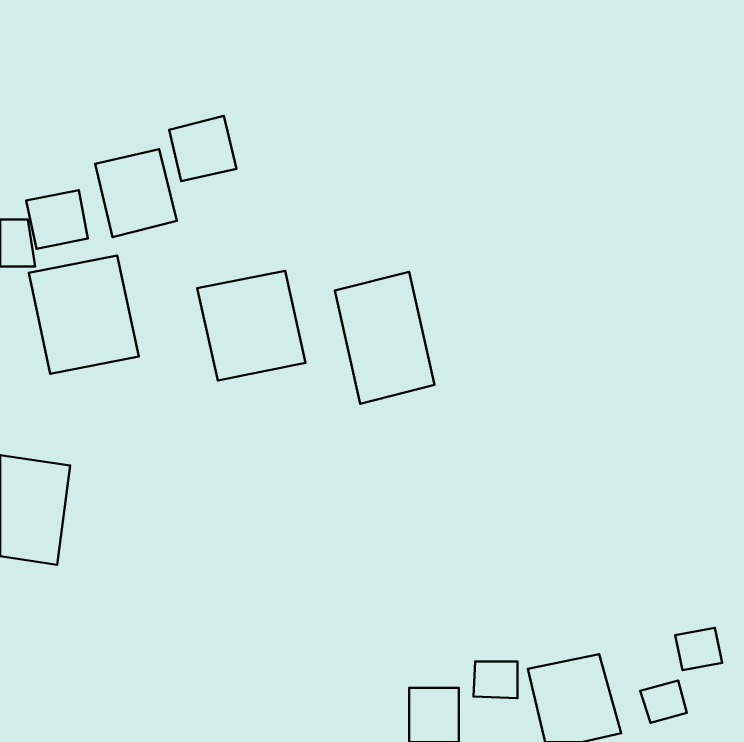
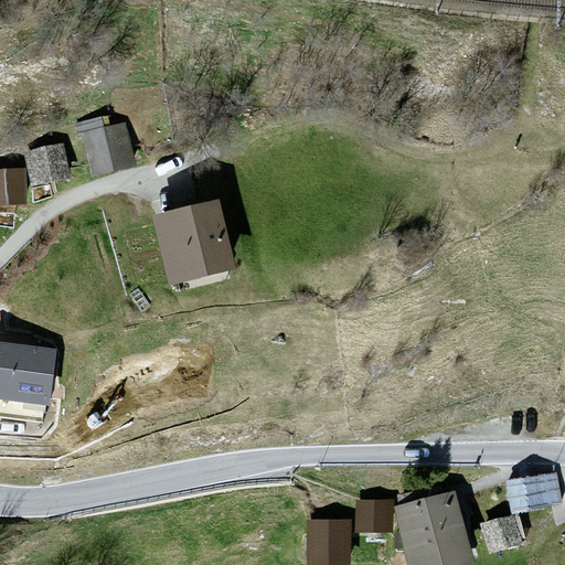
building: [169,116,237,181] -> none
building: [29,255,139,374] -> none
building: [335,272,434,404] -> none

